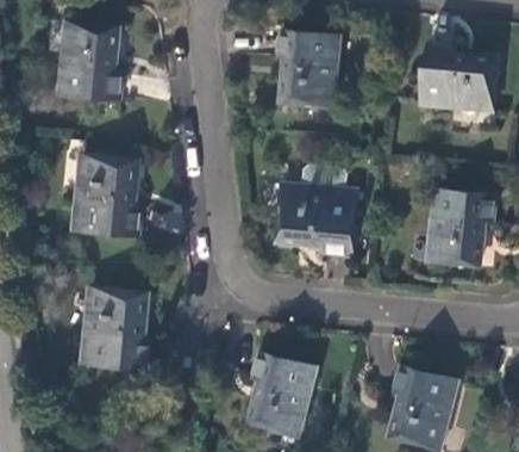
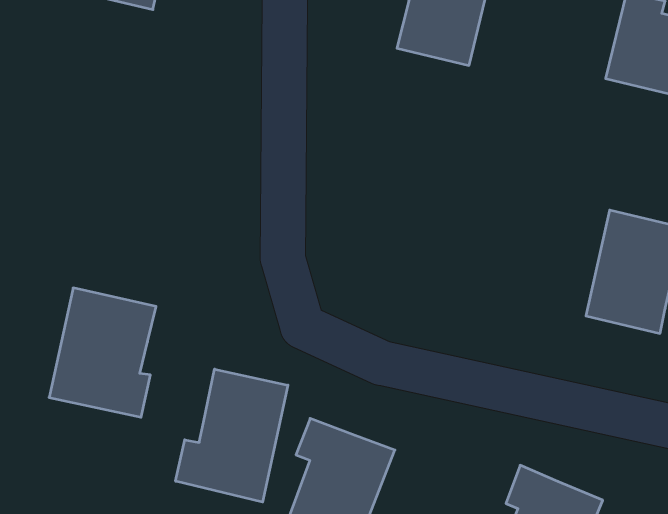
building: [74,155,138,236] -> none
building: [275,167,354,256] -> none
building: none -> [176,369,288,502]

